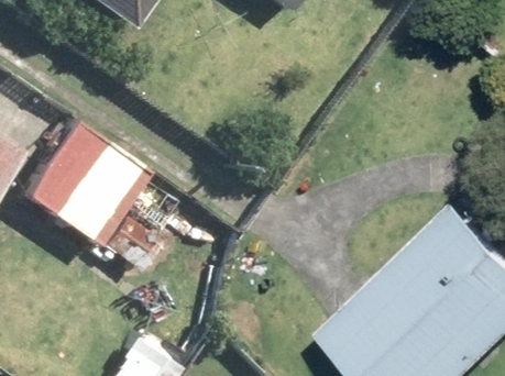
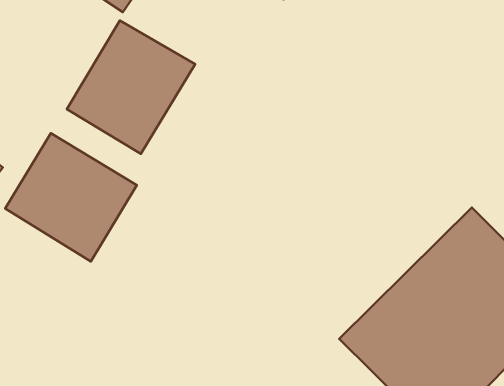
building: none -> [67,20,195,154]

